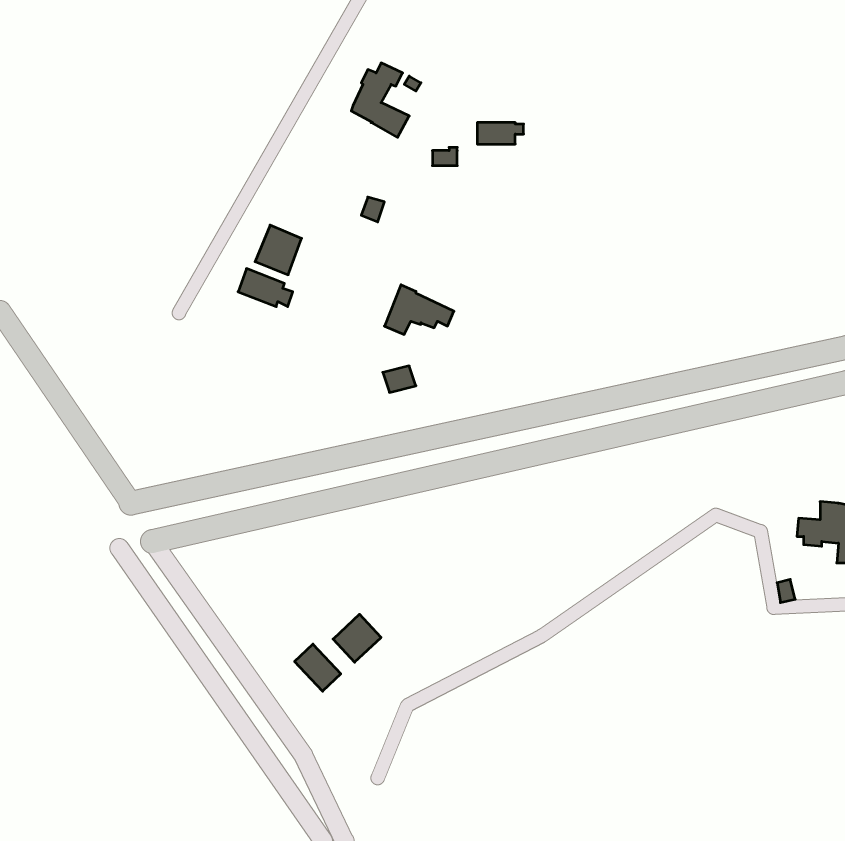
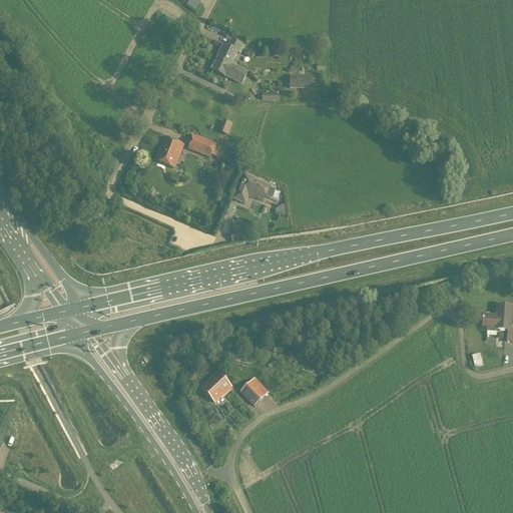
building: [238,269,293,307] -> [188,133,221,156]
building: none -> [240,377,269,405]
building: [295,644,341,691] -> none

